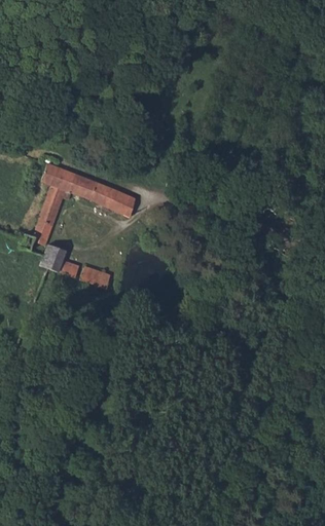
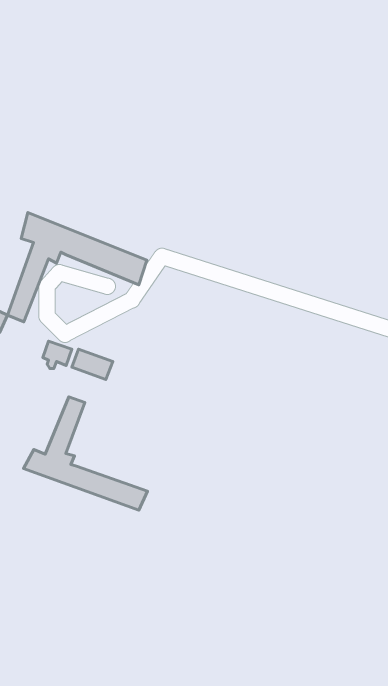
building: [40,243,66,271] -> none
building: none -> [24,397,147,510]

